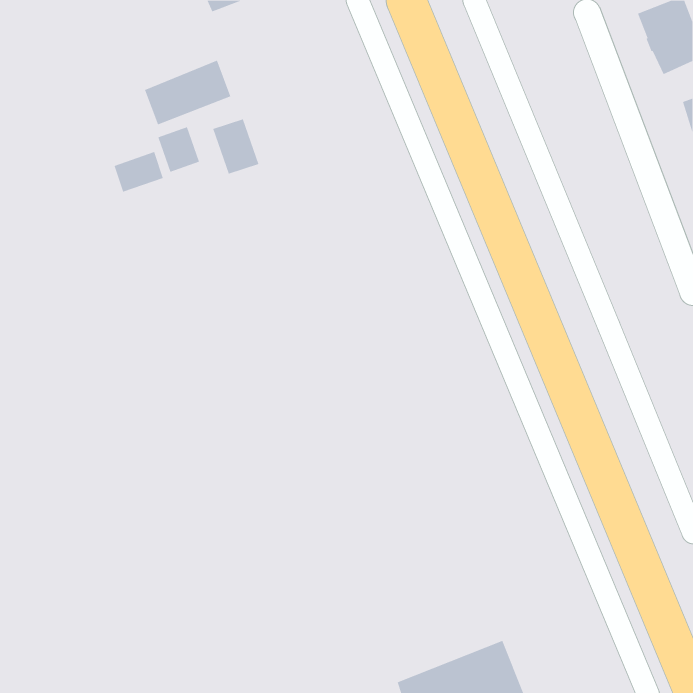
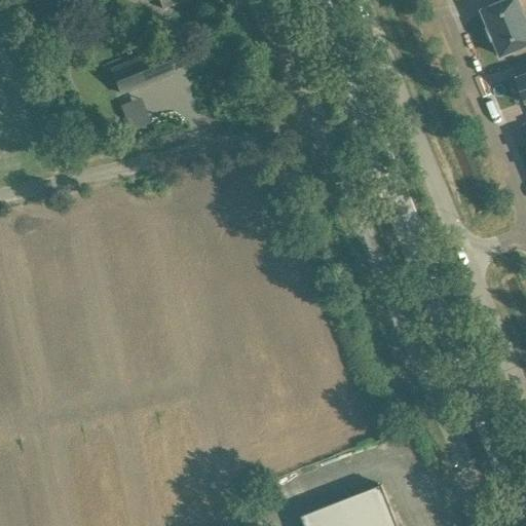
building: [212,119,259,174] -> none
building: [114,151,163,192] -> none

